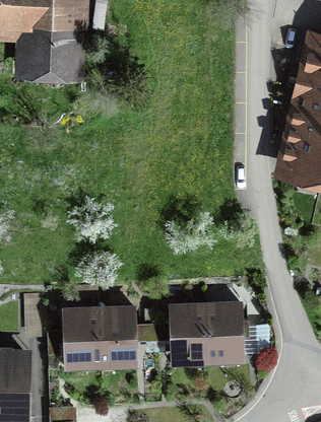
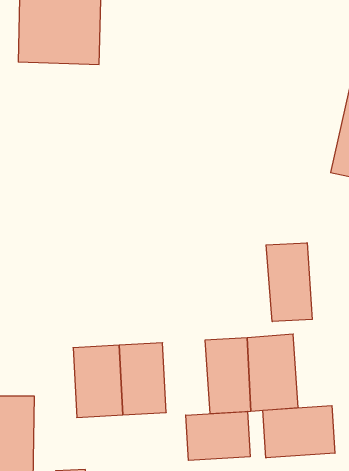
building: none -> [266,243,312,322]
building: none -> [263,406,335,458]
building: none -> [186,411,250,460]

